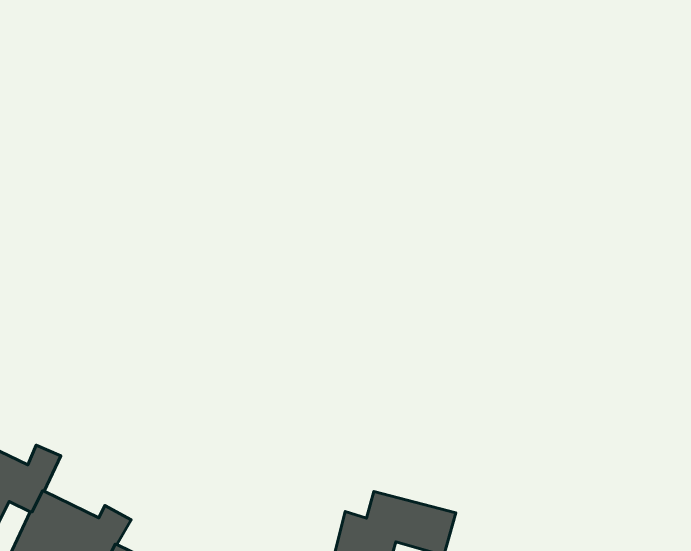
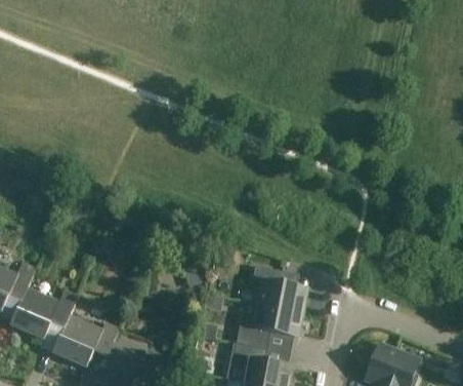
building: none -> [250,265,307,312]

